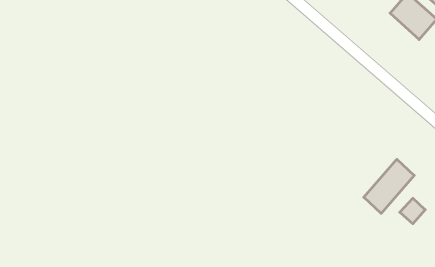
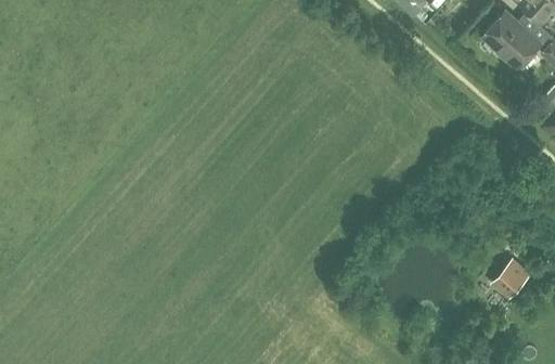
building: [364,159,414,213] -> none

